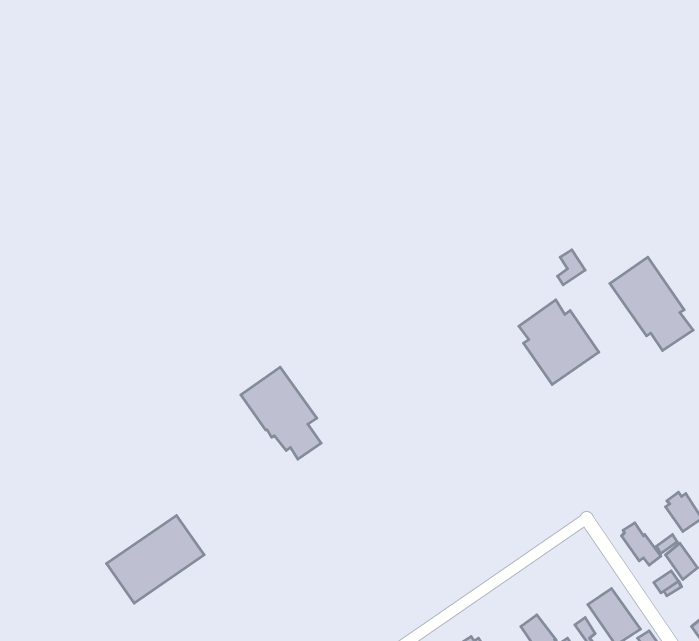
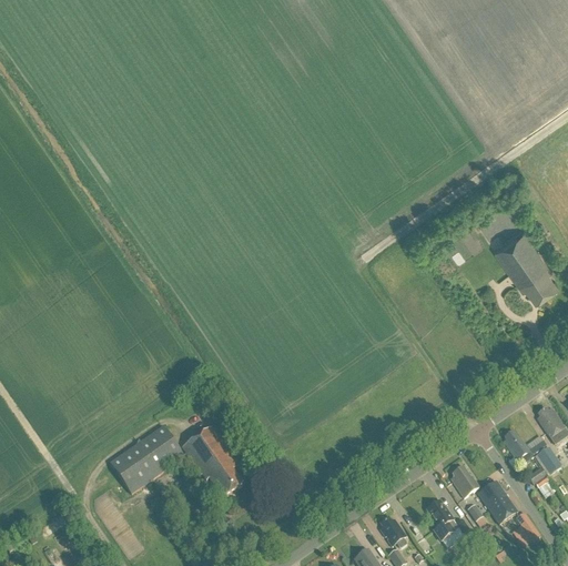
building: [519,300,599,385] -> none
building: [241,367,321,459] -> [181,425,242,495]
building: none -> [448,466,477,497]

